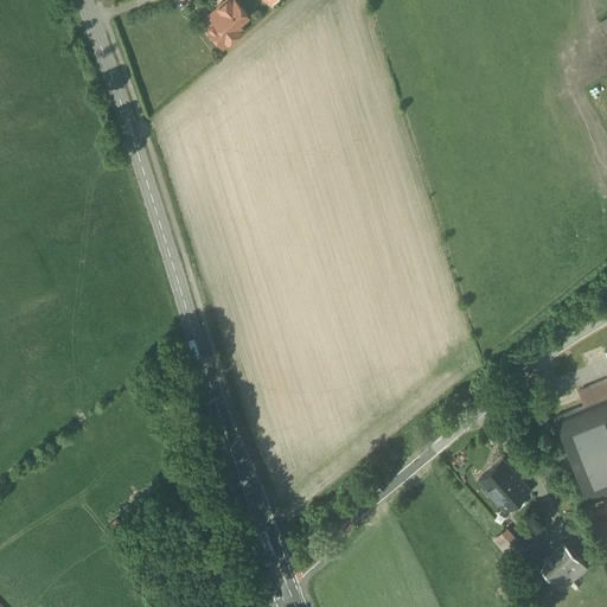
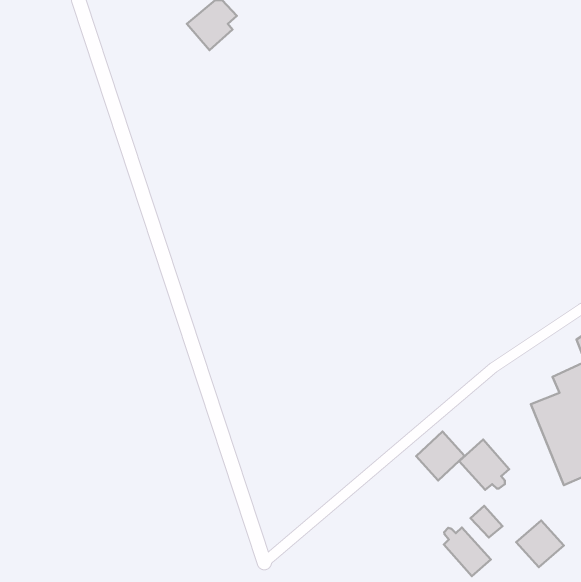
building: none -> [416,431,464,481]
building: none -> [444,527,491,576]

